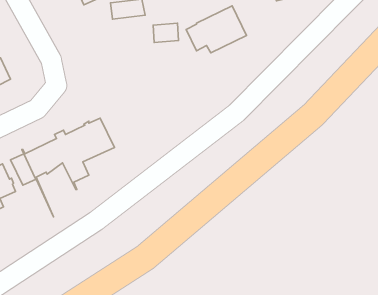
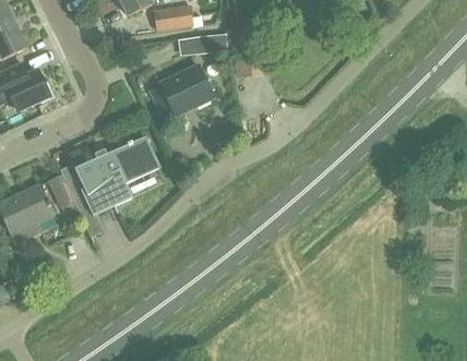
building: [186,6,246,53] -> [148,64,213,115]

